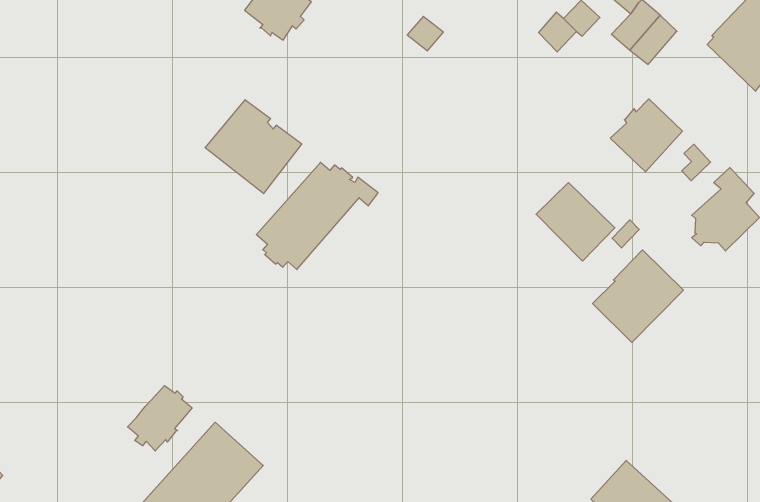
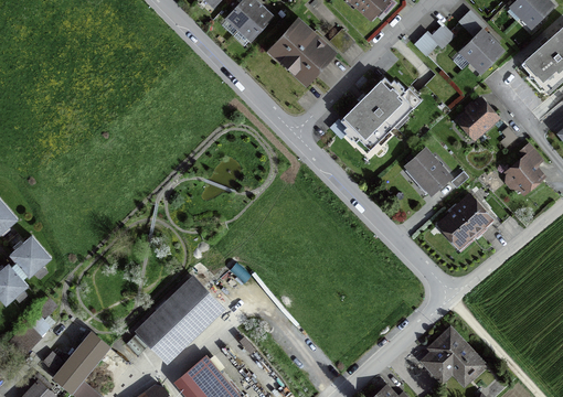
building: [205,100,302,194] -> [270,22,332,83]
building: [256,162,378,270] -> [340,78,419,146]
building: [128,386,192,451] -> none

